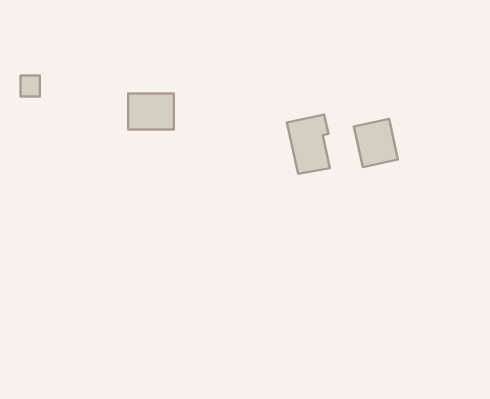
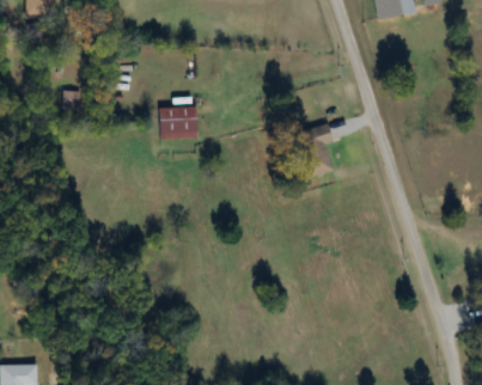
building: [354,119,398,167] -> none

